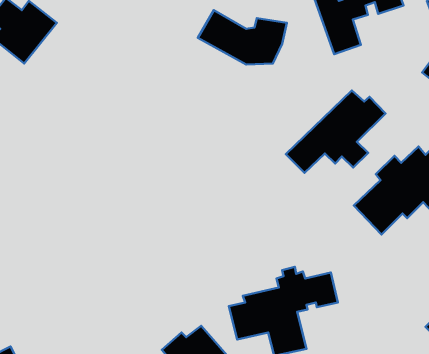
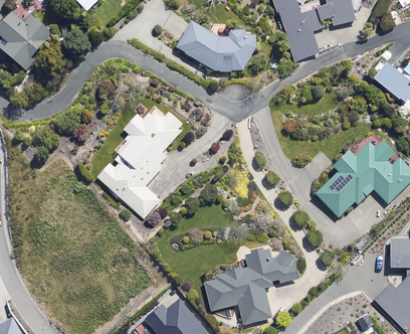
building: [286,90,385,173] -> none
building: none -> [96,104,184,218]

